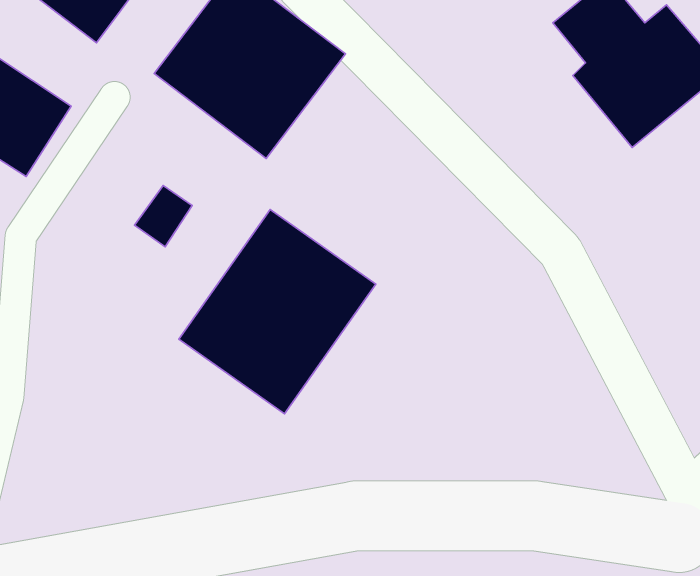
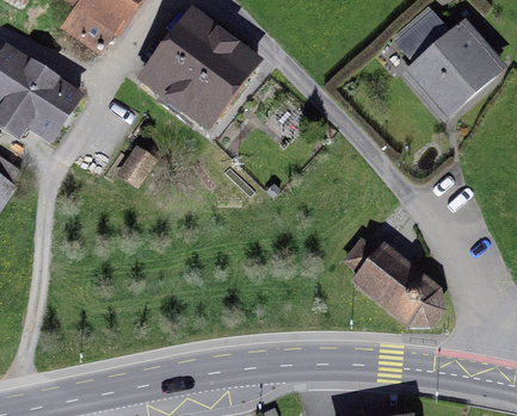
building: [179,210,376,414] -> none
building: none -> [339,240,439,329]

